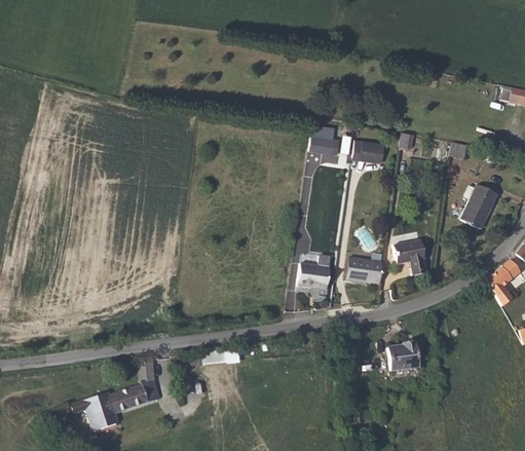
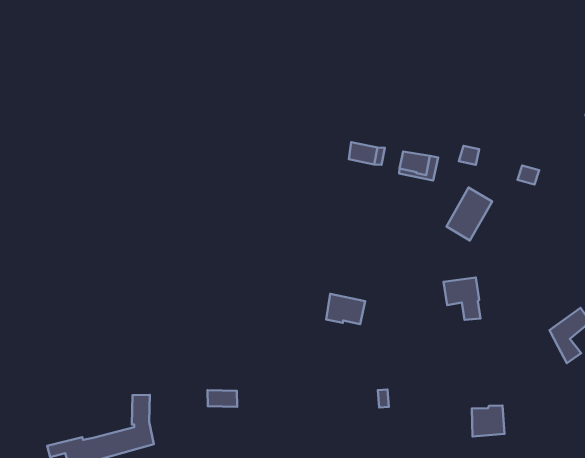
building: [462,185,499,229] -> [446,188,492,240]
building: [345,258,382,283] -> none
building: [388,342,417,370] -> [472,406,504,437]

